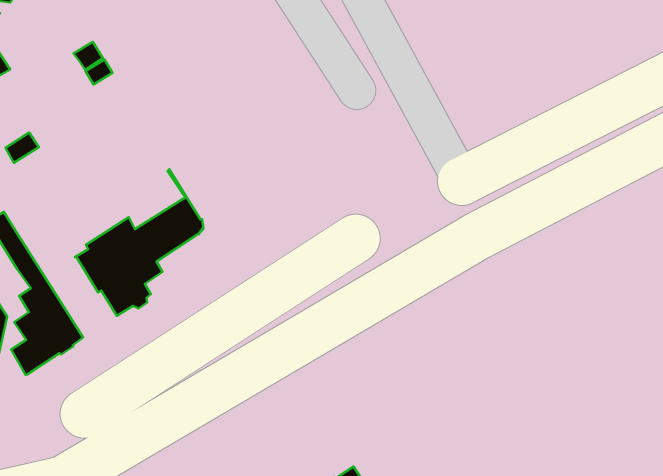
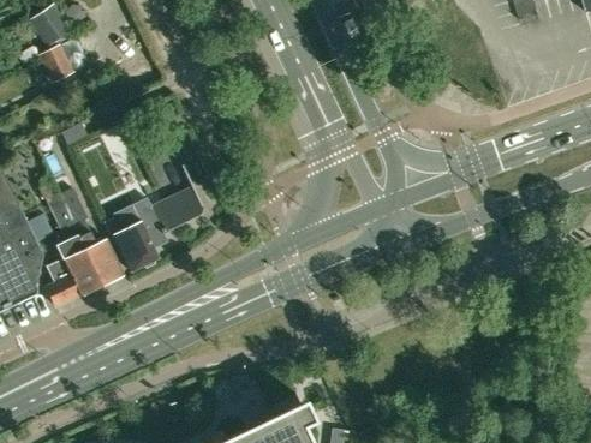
building: none -> [60,187,124,283]

